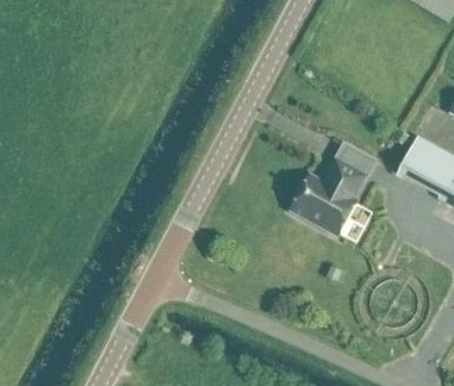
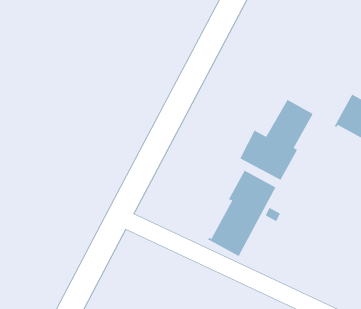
building: none -> [207,170,276,257]

